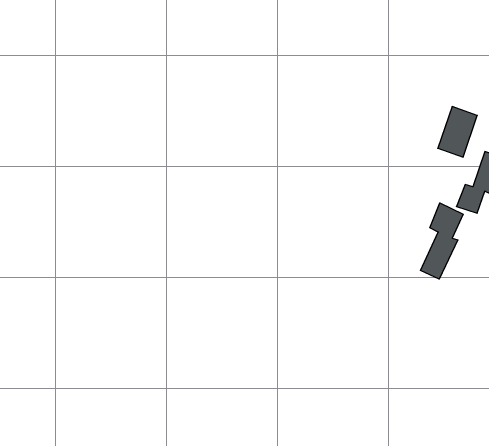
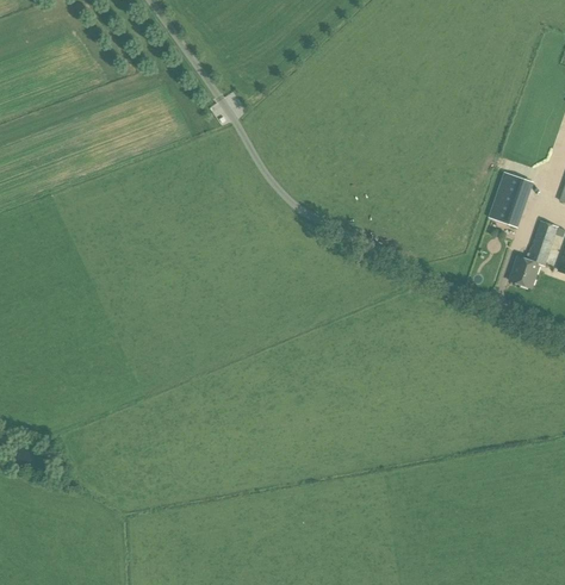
building: [421,203,463,279] -> none

